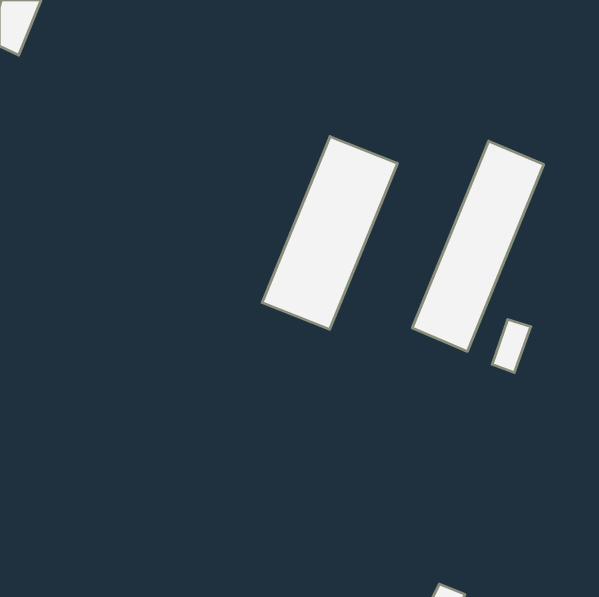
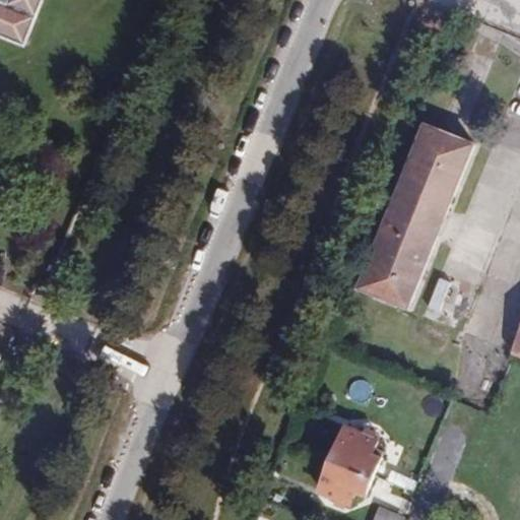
building: [262,136,397,329] -> none
building: none -> [317,425,378,501]

